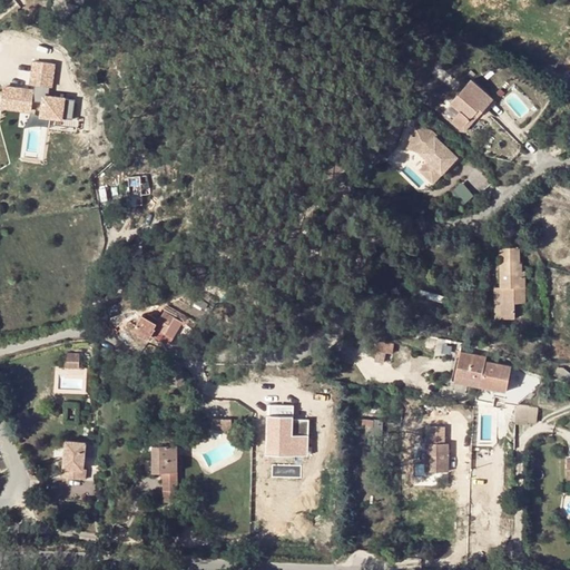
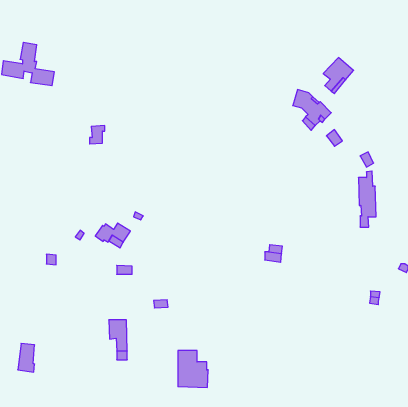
building: [454,353,510,392] -> none
building: [271,405,313,456] -> [178,351,208,387]
building: [424,430,446,473] -> none
building: [60,440,83,480] -> [18,343,35,372]

